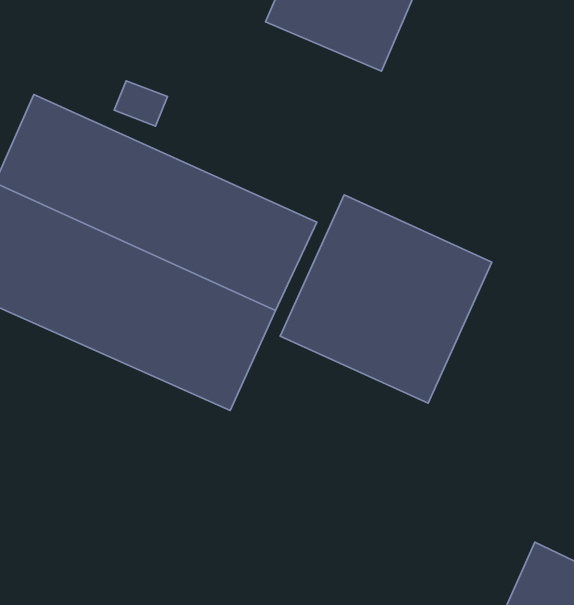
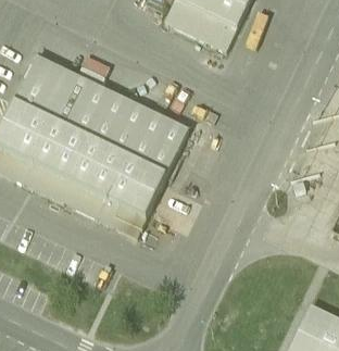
building: [280,195,492,403] -> none

